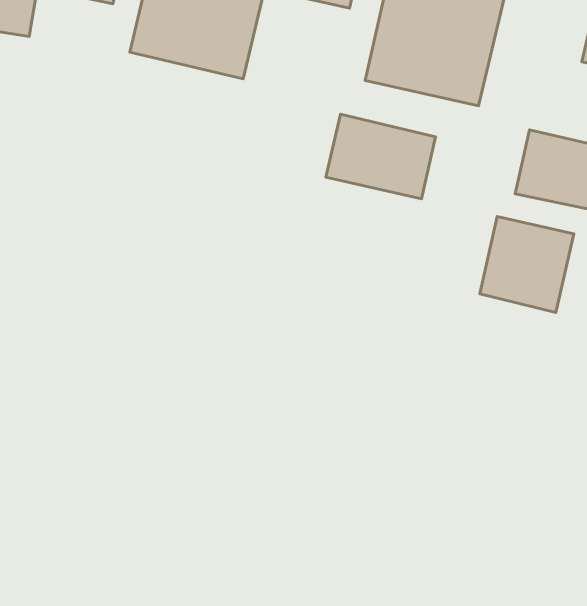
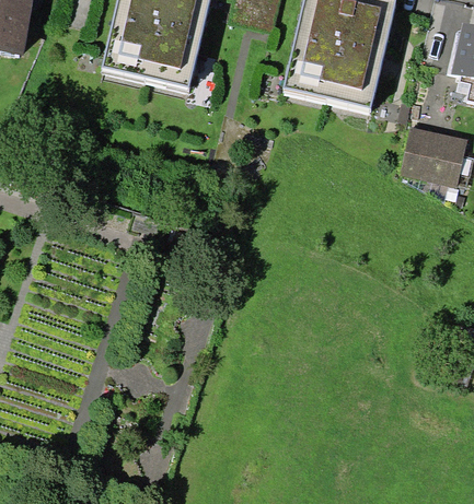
building: [326,114,435,199] -> none
building: [480,216,574,313] -> none

